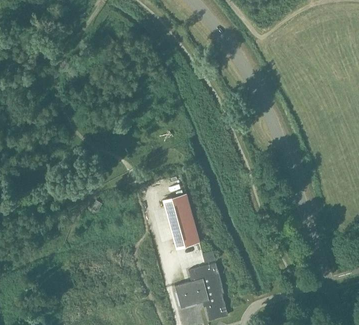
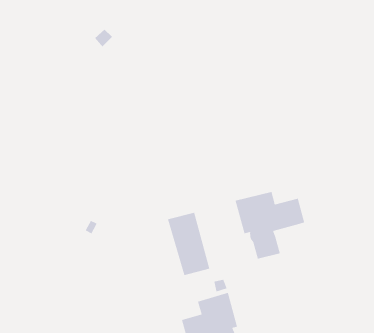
building: none -> [235,191,305,260]

